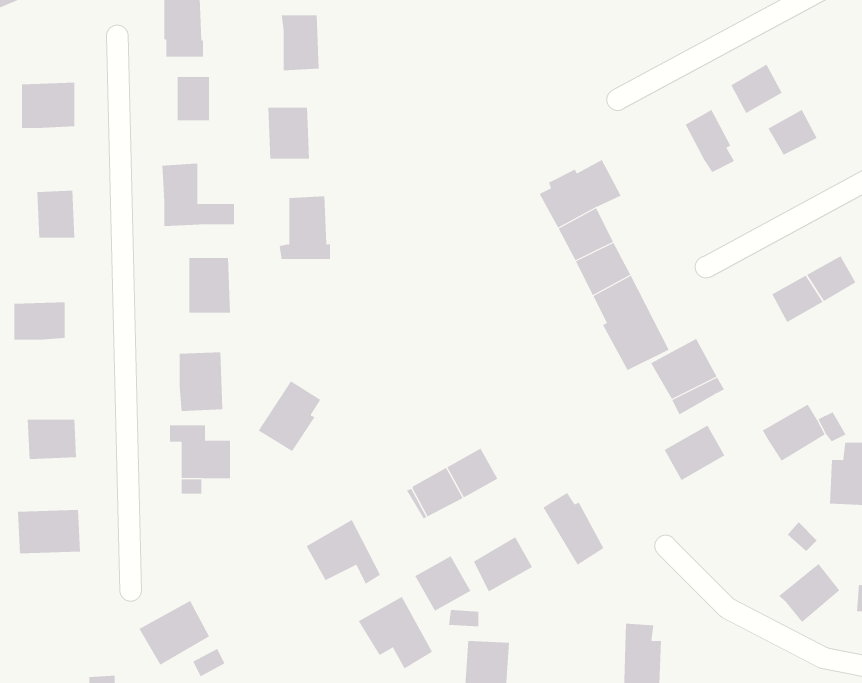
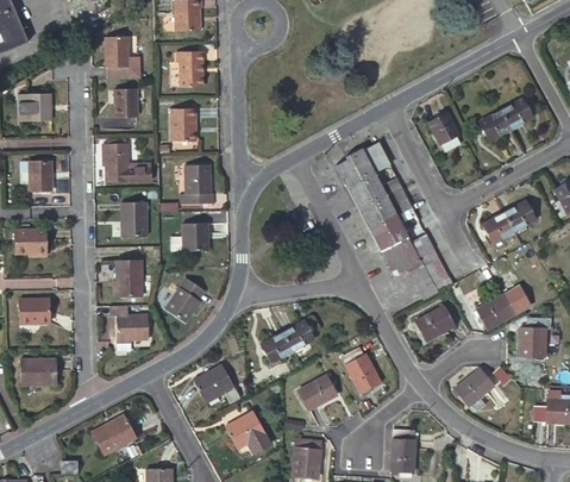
building: [730,64,782,114] -> [502,98,534,129]
building: none -> [186,224,212,251]
building: [415,555,471,612] -> none
building: [779,563,840,623] -> [455,369,493,406]

